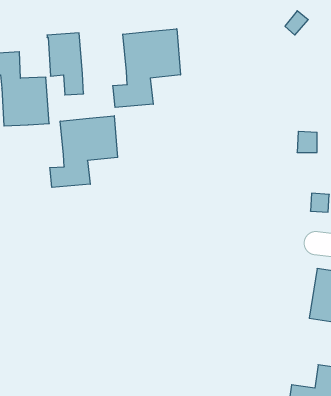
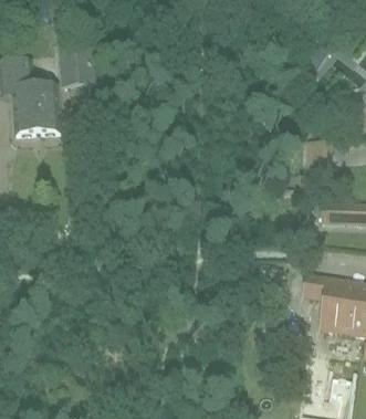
building: [113,29,180,107] -> none
building: [50,116,118,187] -> none

